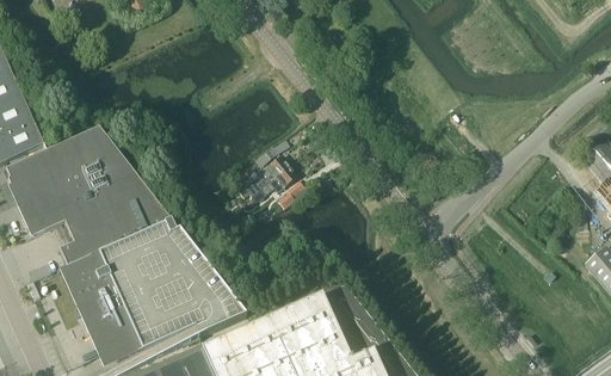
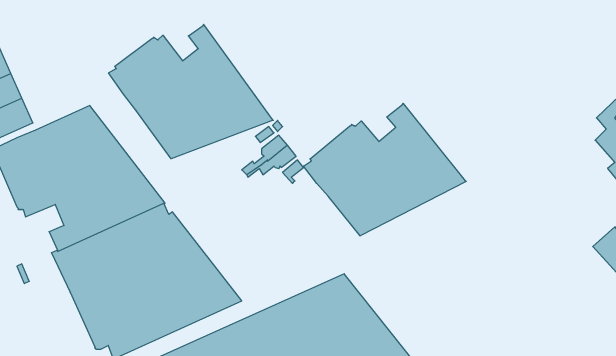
building: none -> [109,24,273,159]
building: none -> [303,103,466,236]

